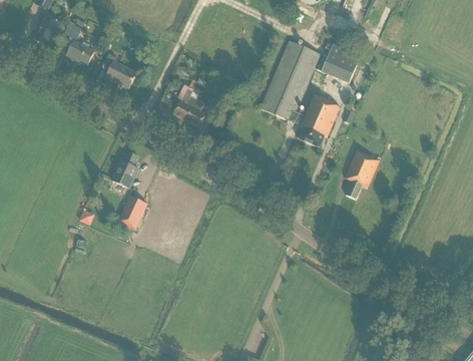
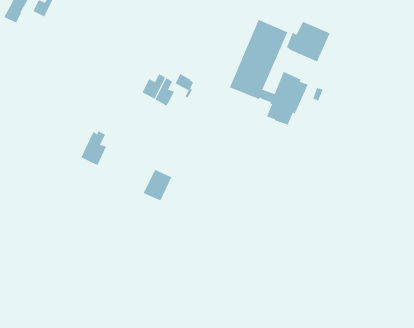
building: [65,40,93,64] -> none
building: [101,53,135,87] -> none
building: [344,150,380,200] -> none
building: [117,197,146,229] -> [143,169,172,201]

